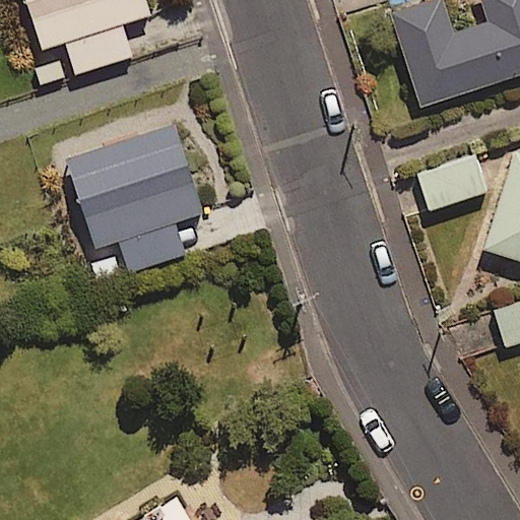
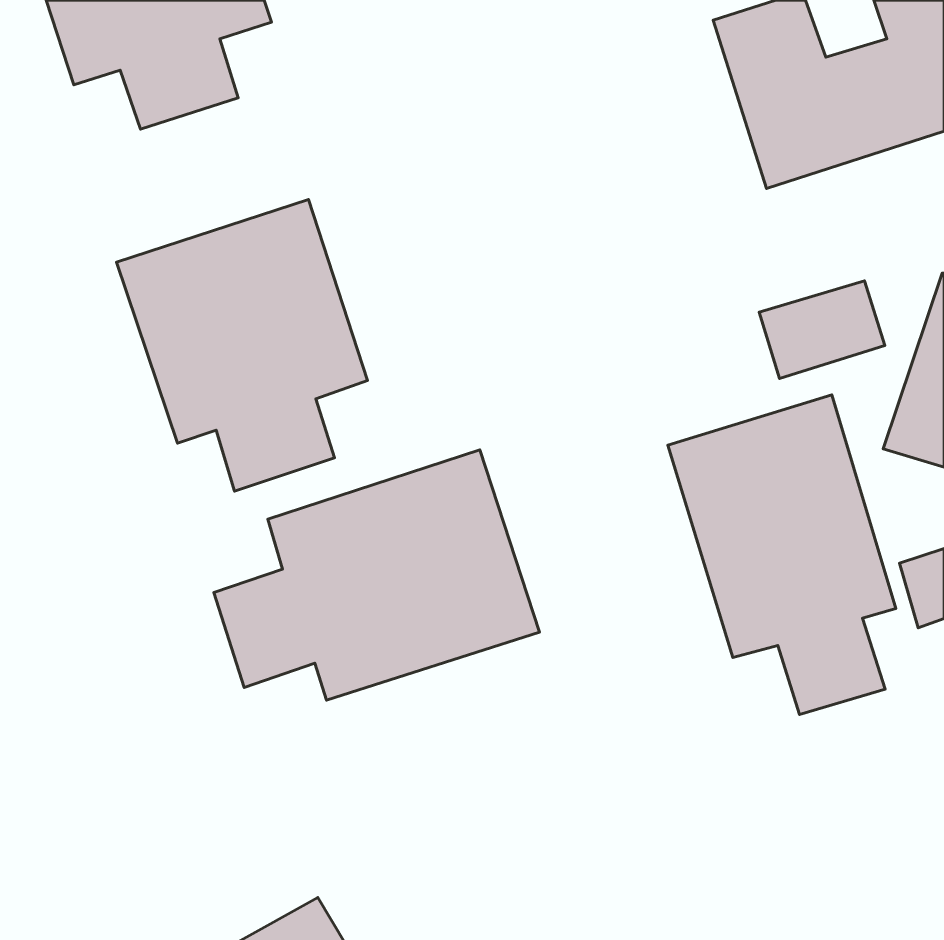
building: none -> [668,395,896,714]
building: none -> [214,450,540,700]

